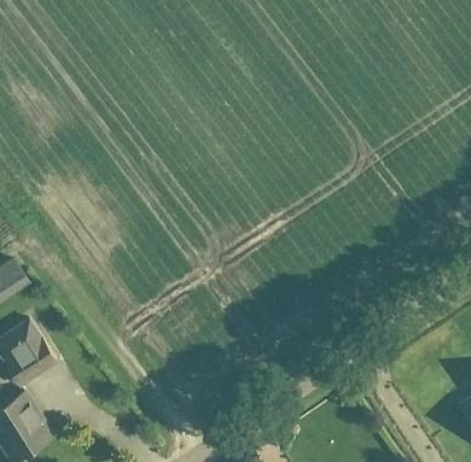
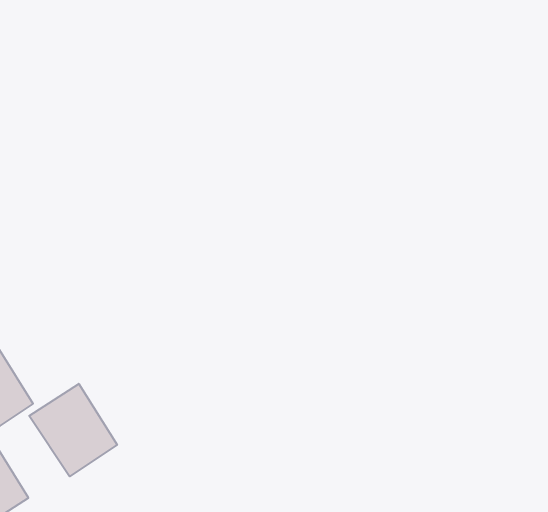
building: none -> [29,384,117,476]

